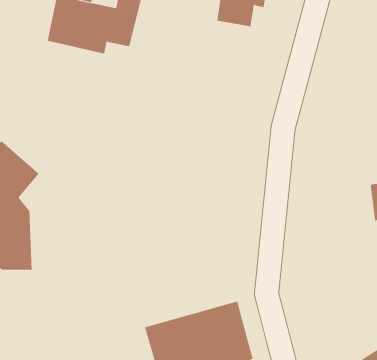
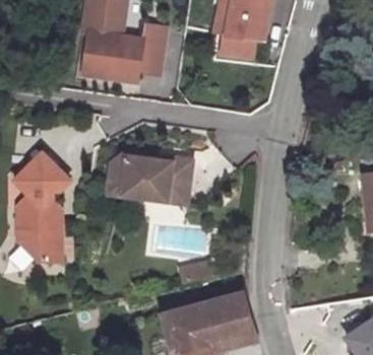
building: none -> [111,152,190,200]

